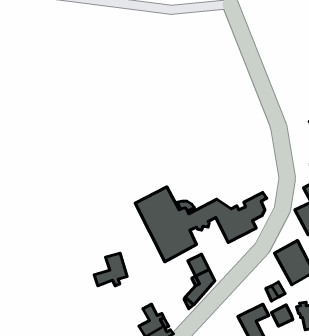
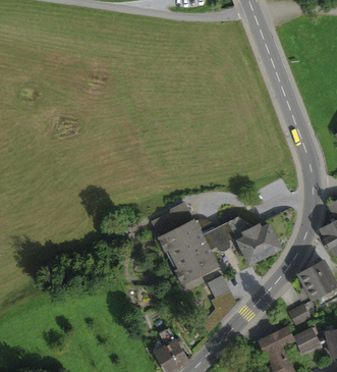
building: [94,253,127,286] -> none

